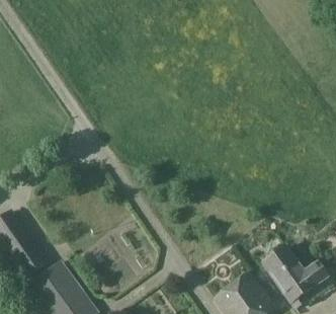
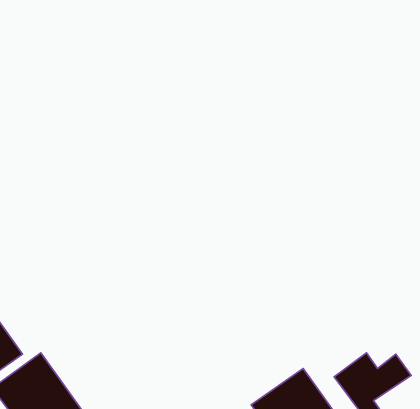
building: [262,245,296,278] -> none

